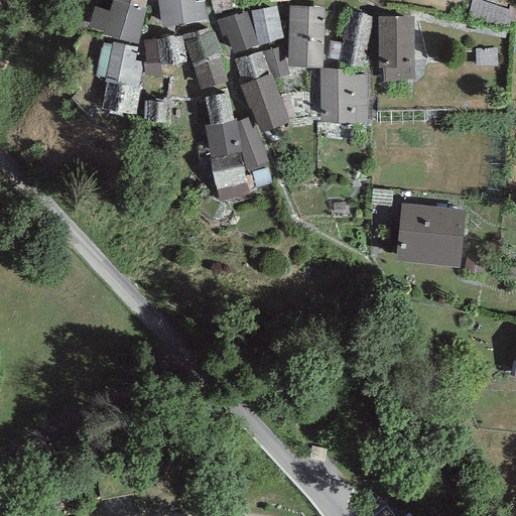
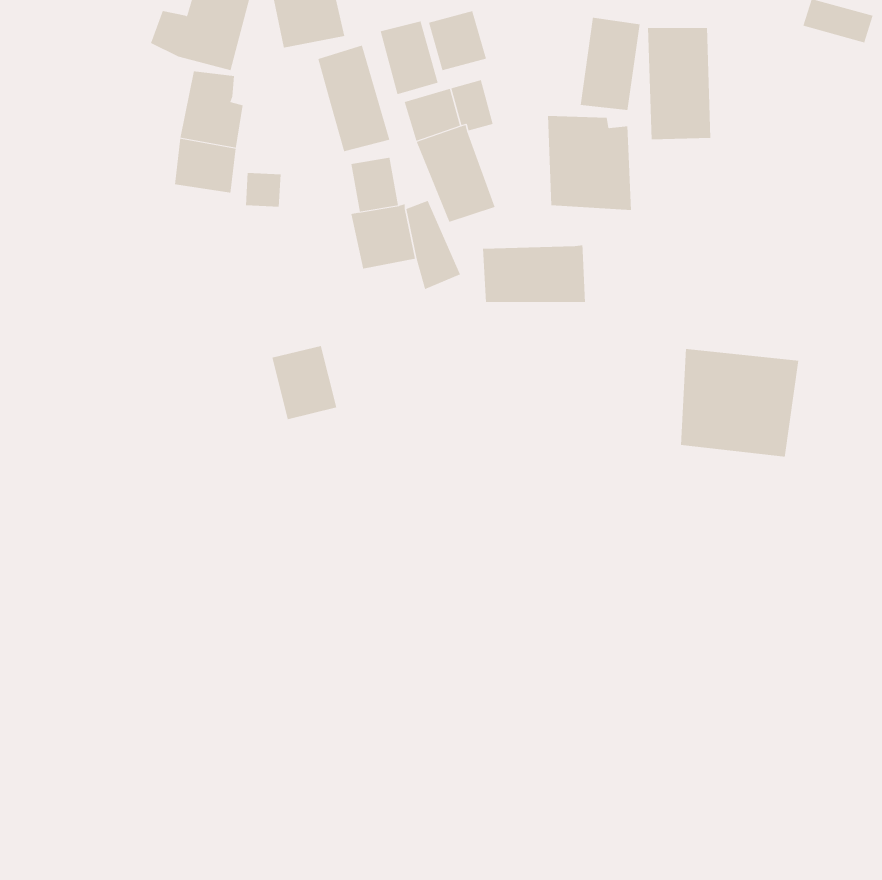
building: [288,6,322,66] -> none
building: [144,34,192,76] -> none
building: none -> [482,244,586,303]
building: [211,156,249,200] -> [272,346,337,420]

